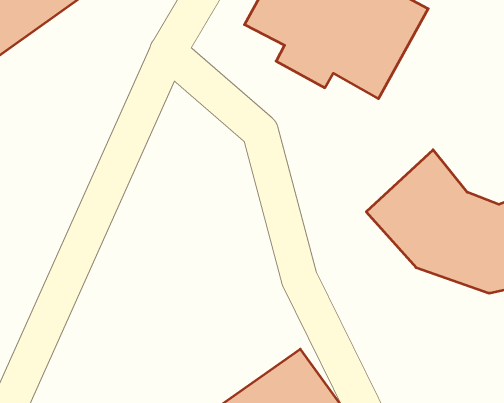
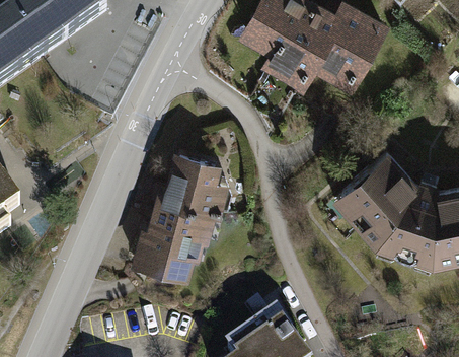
building: none -> [132,146,226,277]

